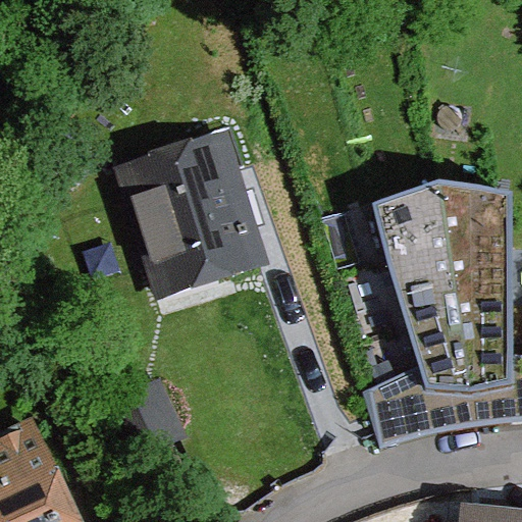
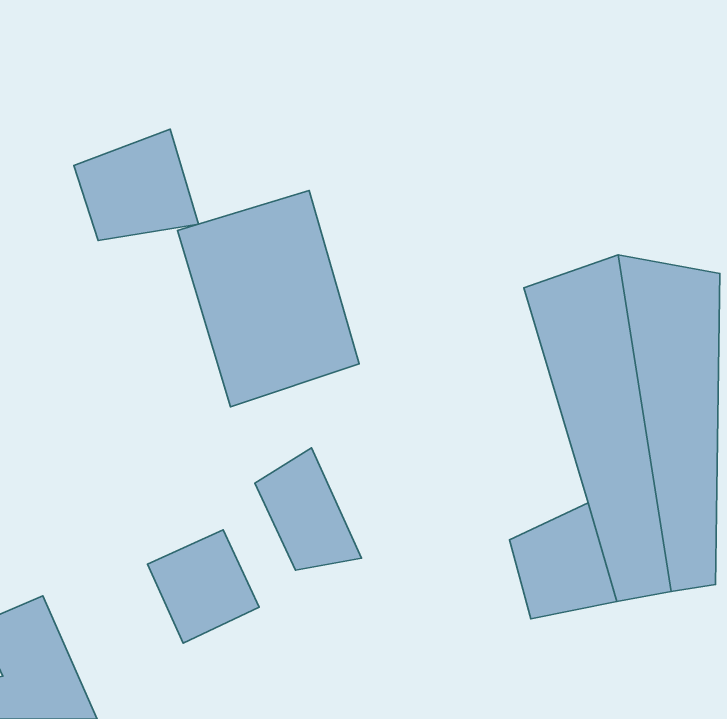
building: none -> [74,129,199,240]
building: none -> [255,448,361,570]

